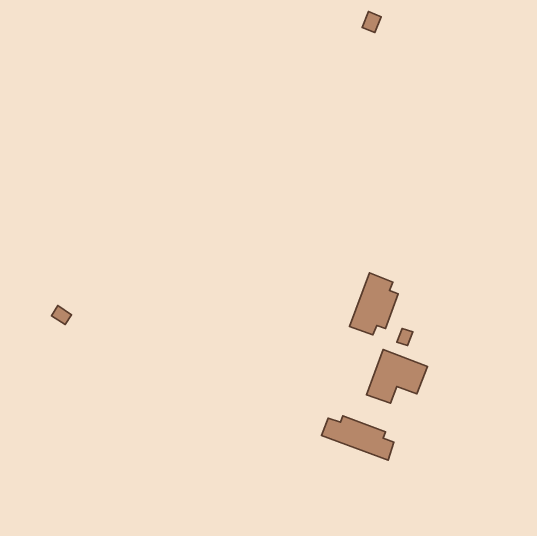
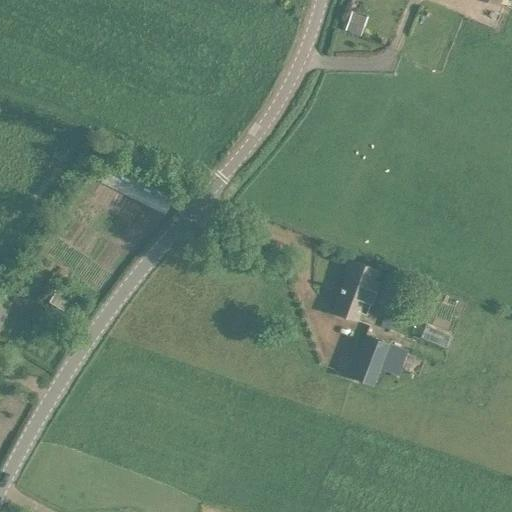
building: [321,416,394,460] -> none

